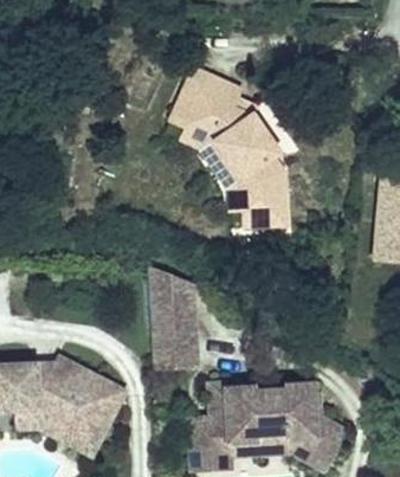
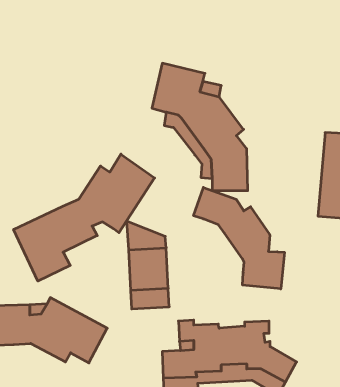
building: none -> [14,154,155,281]
building: none -> [194,187,284,289]
building: [18,407,105,452] -> none

